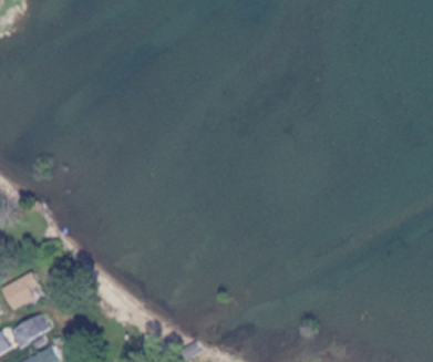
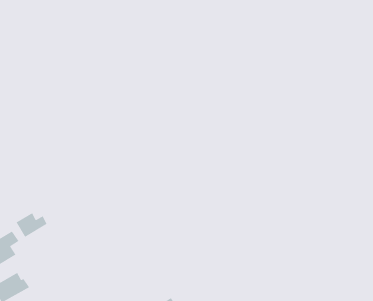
building: none -> [15,212,48,238]

